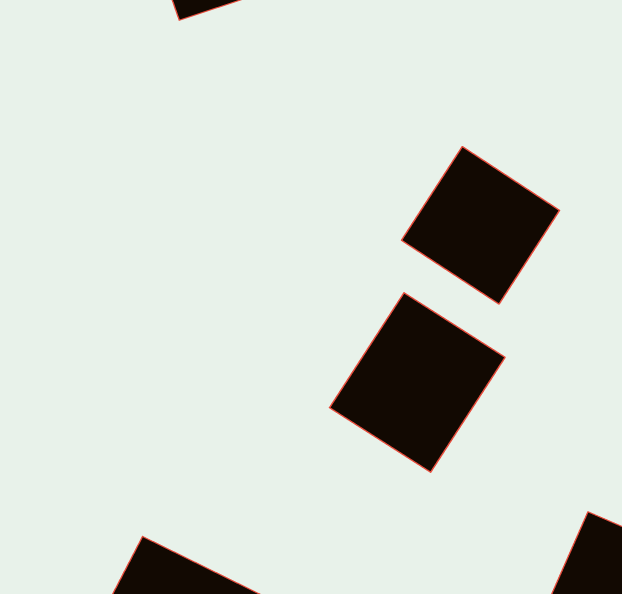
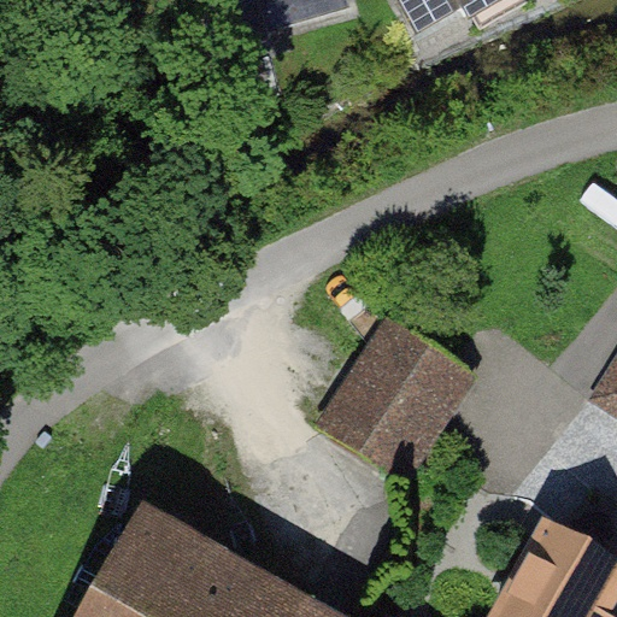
building: [402,147,560,304] -> none

